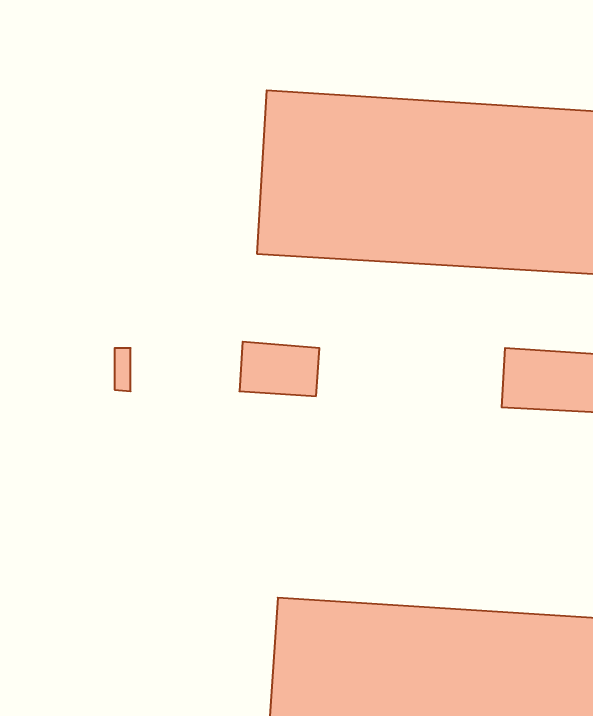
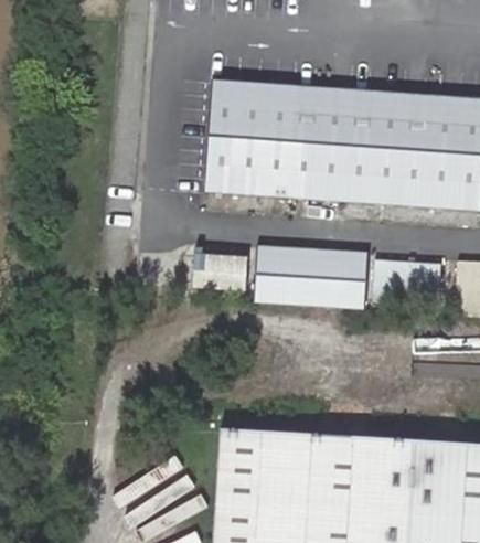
building: none -> [254,245,369,308]

